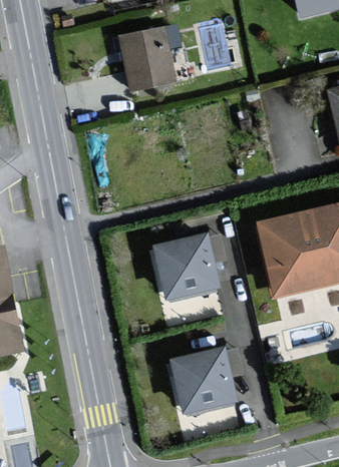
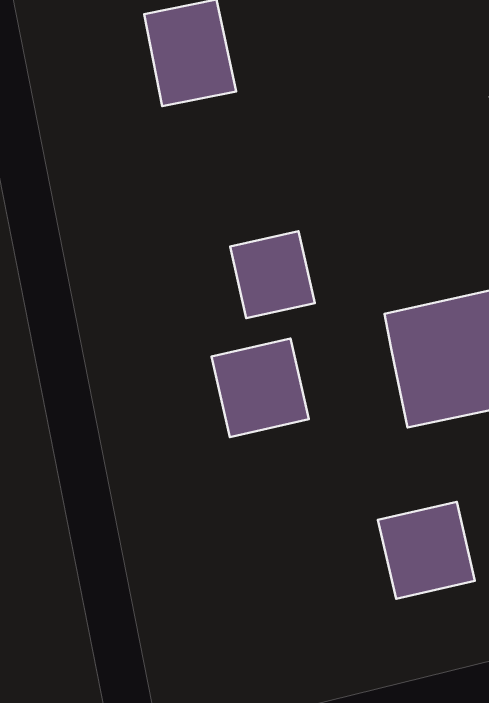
building: none -> [230,231,315,318]
building: [176,350,235,409] -> [378,502,475,599]

